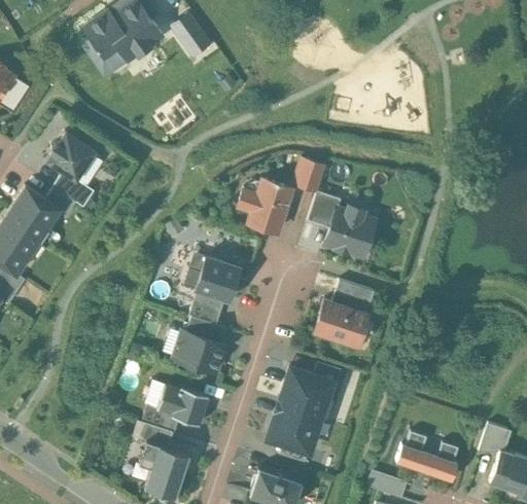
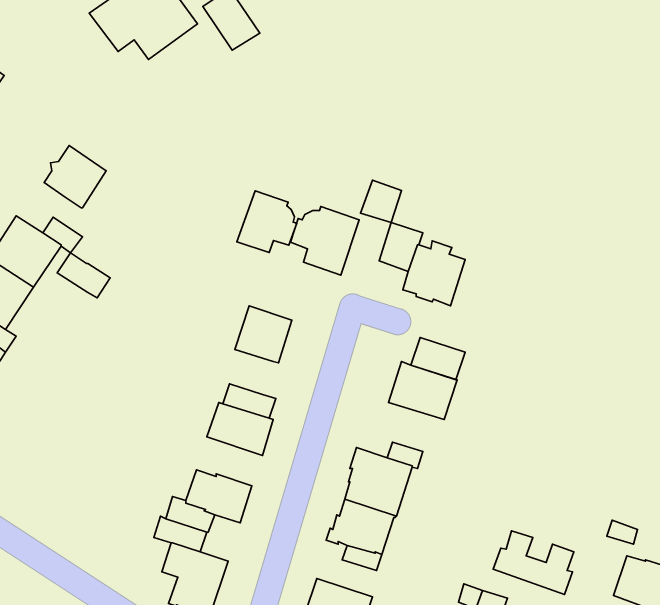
building: none -> [237,191,297,253]
building: [52,173,94,208] -> [57,253,110,298]
building: [188,292,224,326] -> none

